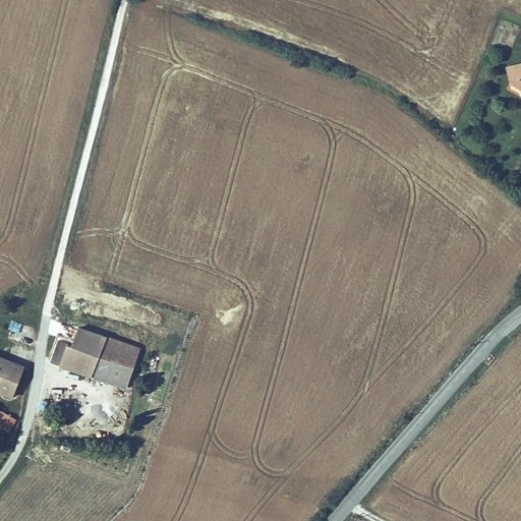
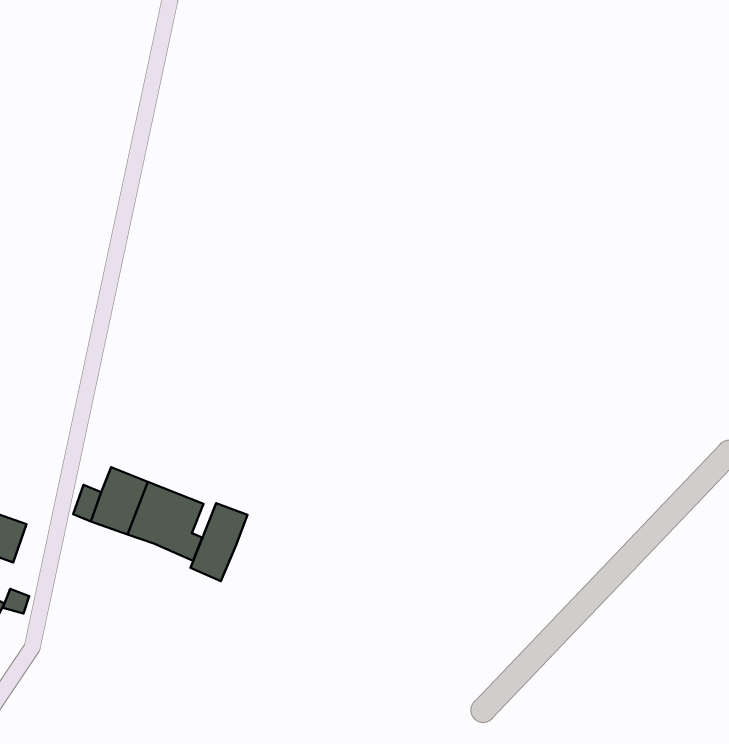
building: none -> [190,503,248,581]

